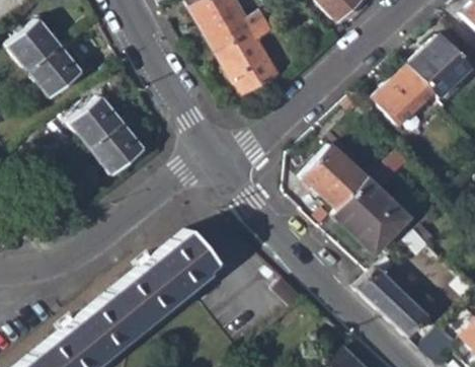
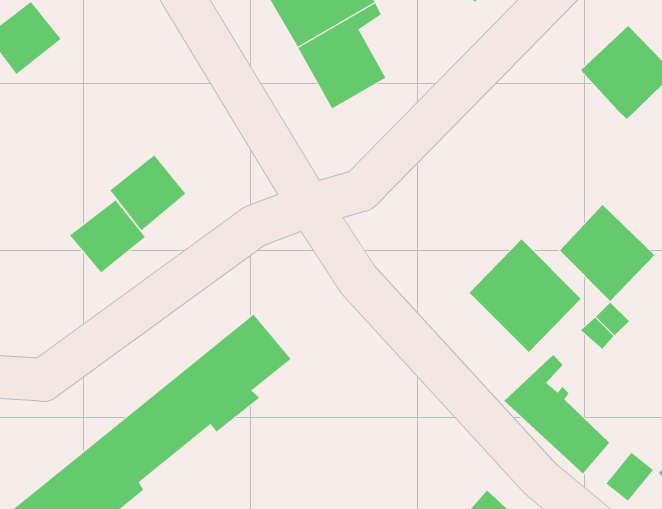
building: [28,45,79,93] -> none
building: [374,66,433,126] -> none
building: [70,97,122,147] -> [69,199,146,273]
building: [304,145,369,211] -> [559,204,655,302]

